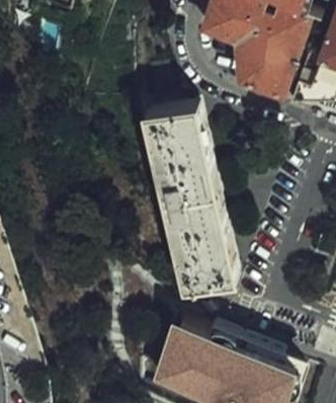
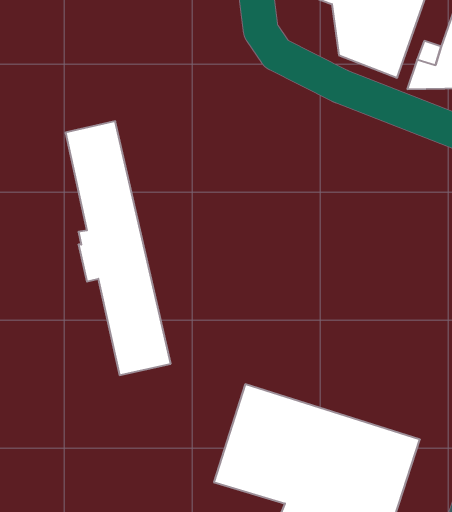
building: [154,105,229,287] -> [66,121,171,375]

